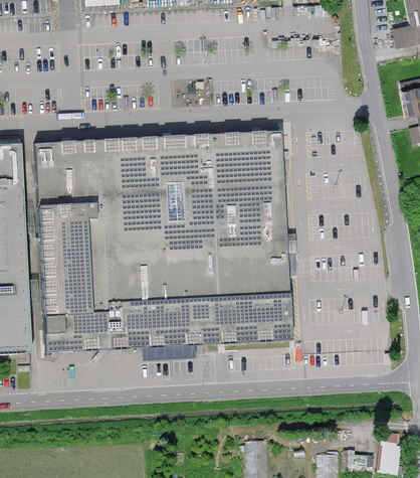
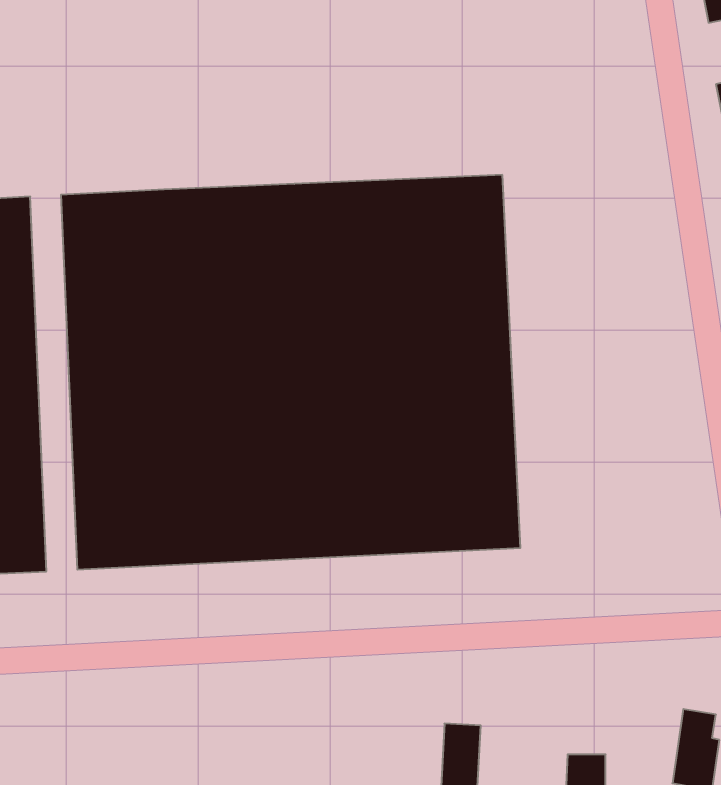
building: [343,449,374,466] -> none

